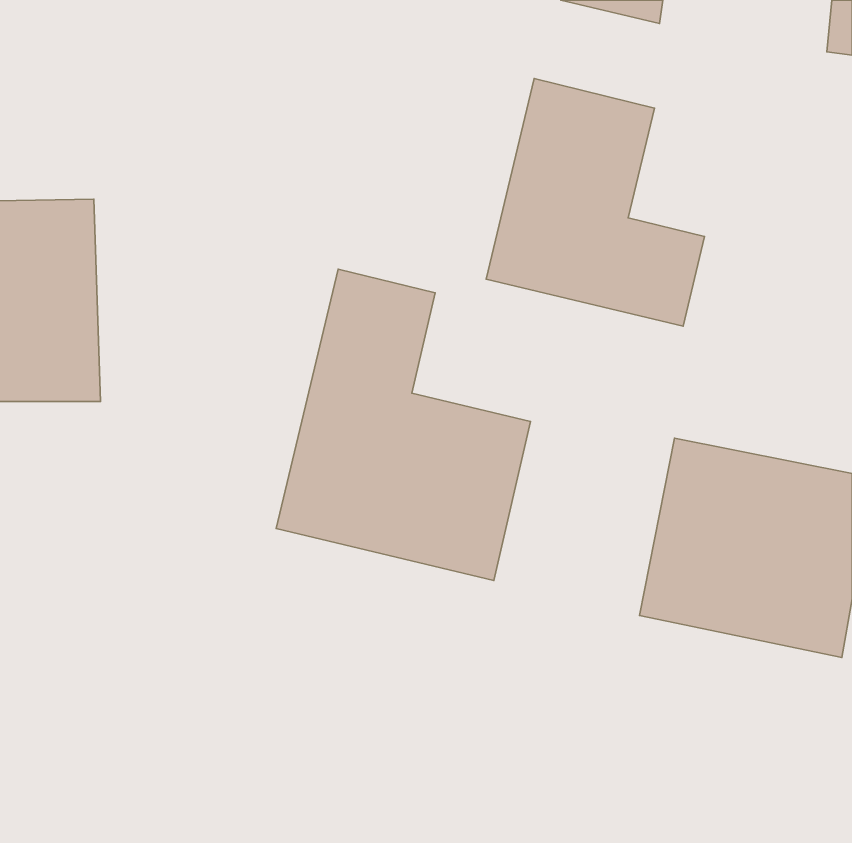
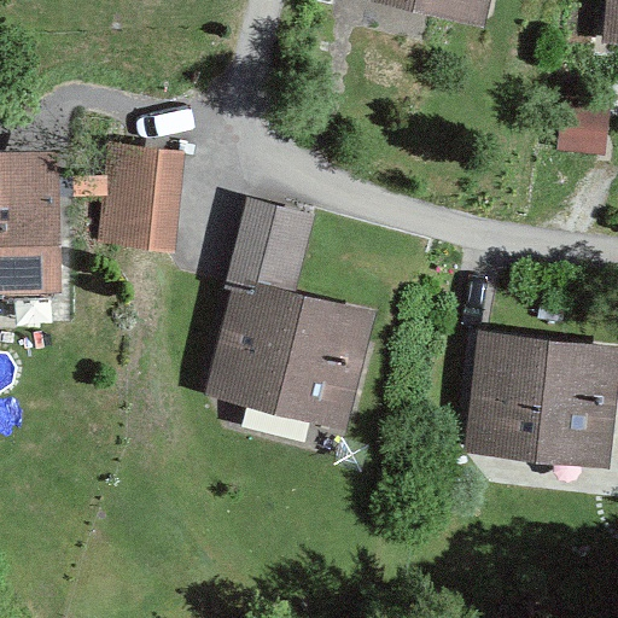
building: [486,79,704,326] -> none
building: none -> [100,140,182,246]

